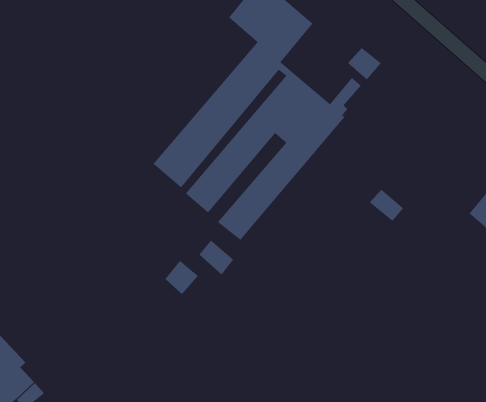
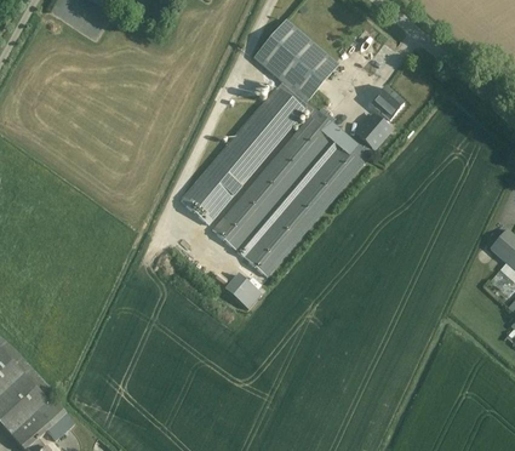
building: [369,189,404,222] -> none
building: [165,260,199,295] -> none

